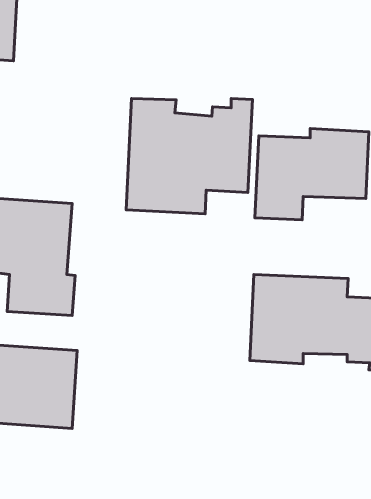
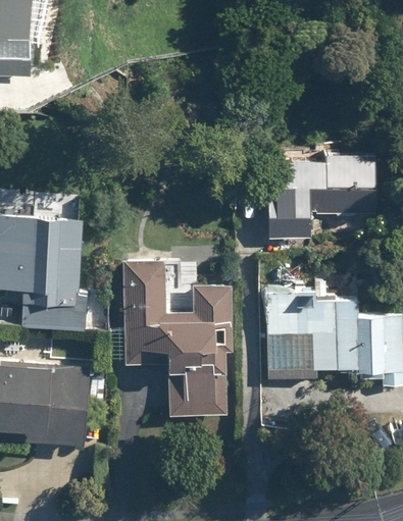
building: [126,98,253,214] -> none
building: none -> [123,258,234,417]

